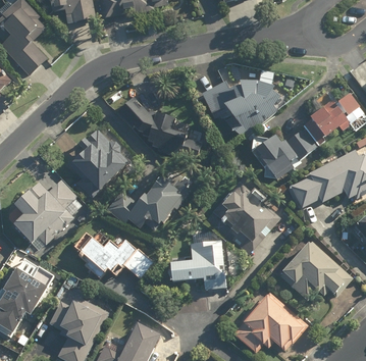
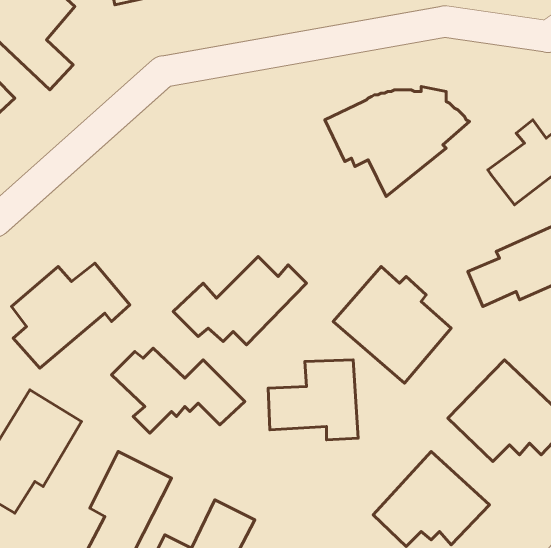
building: [116,97,200,159] -> none
building: [250,125,318,178] -> none
building: [68,128,127,198] -> none

